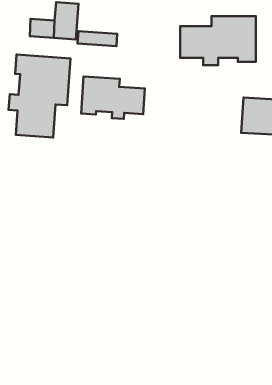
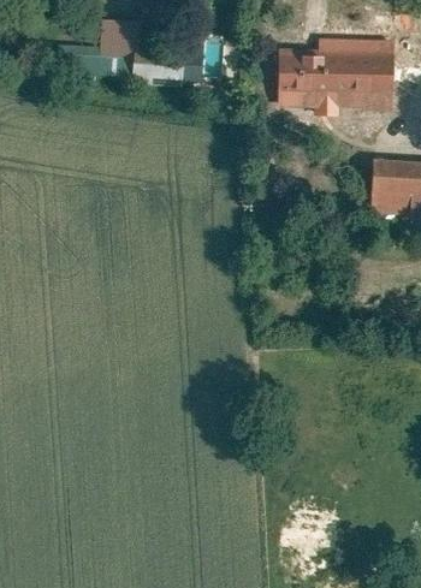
building: [9,55,71,137] -> none
building: [81,77,145,119] -> none

